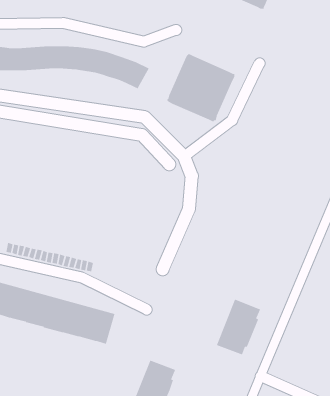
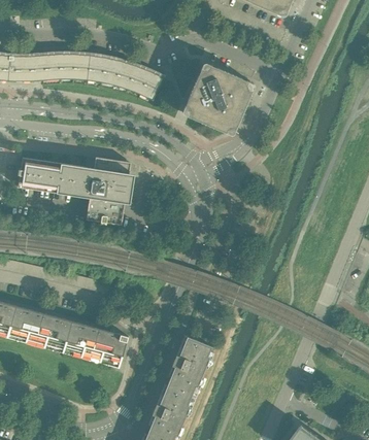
building: none -> [19,157,135,224]
building: [216,298,261,355] -> [165,334,212,394]

